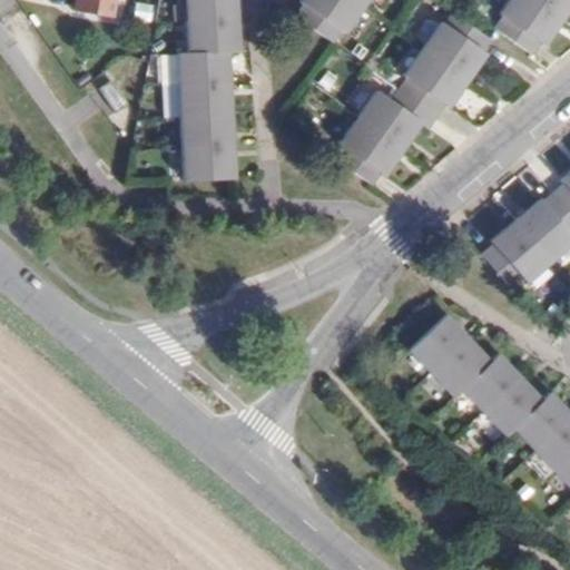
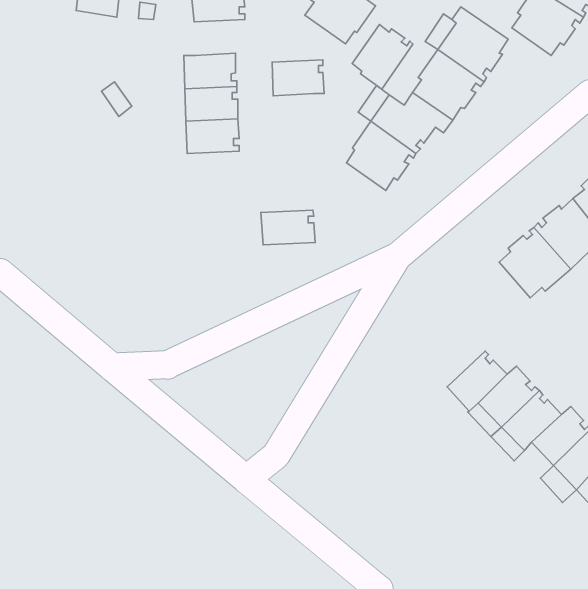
building: [189,19,239,53] -> [272,60,324,96]
building: none -> [352,25,413,89]
building: [183,146,235,179] -> [261,210,315,245]
building: [411,315,470,373] -> none

